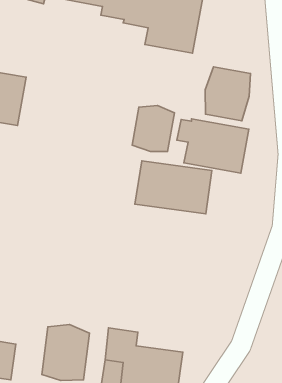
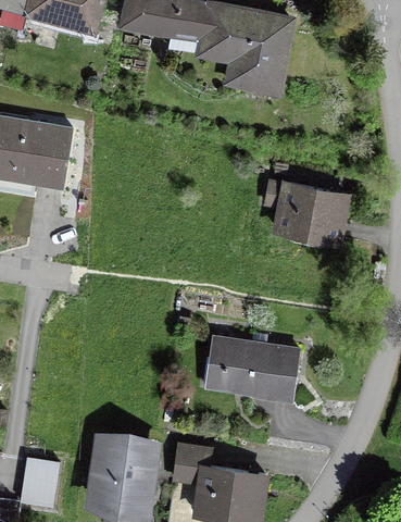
building: [205,67,251,121] -> none
building: [132,105,175,152] -> none
building: [135,161,212,214] -> [203,336,300,402]

